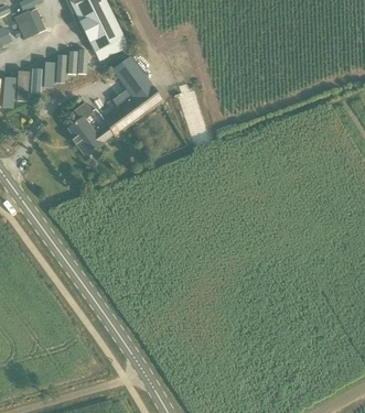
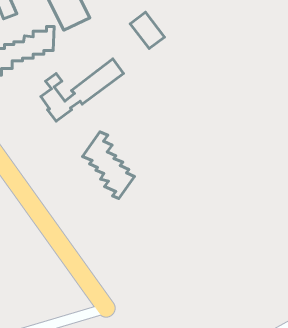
building: [110,55,150,97] -> [130,12,165,49]
building: none -> [83,132,134,198]

